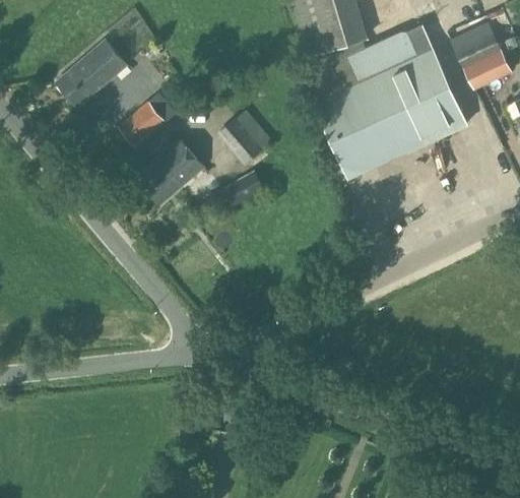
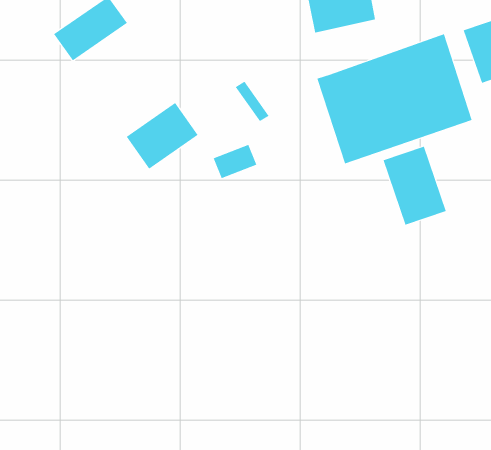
building: [316,22,434,95] -> none
building: [119,91,176,145] -> none
building: [217,116,263,164] -> none
building: none -> [383,146,447,226]

